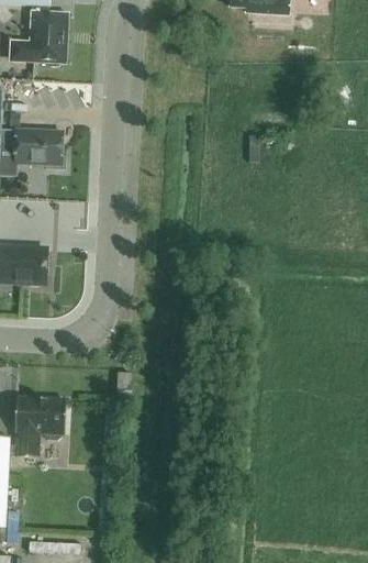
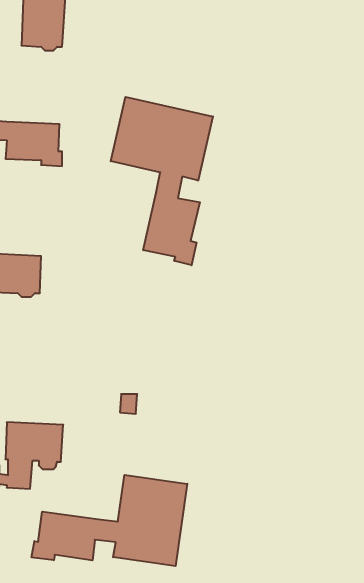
building: none -> [111,97,213,265]
building: none -> [32,475,187,566]

